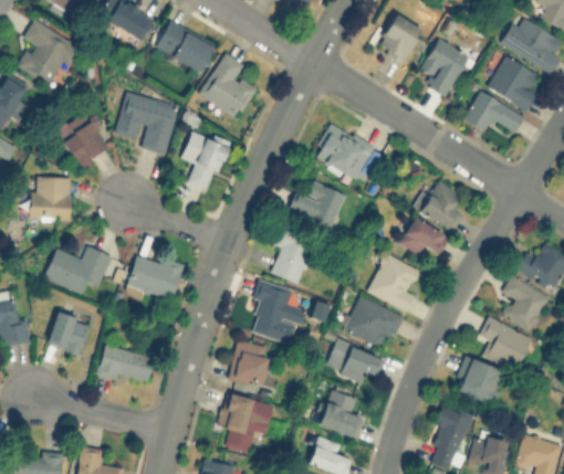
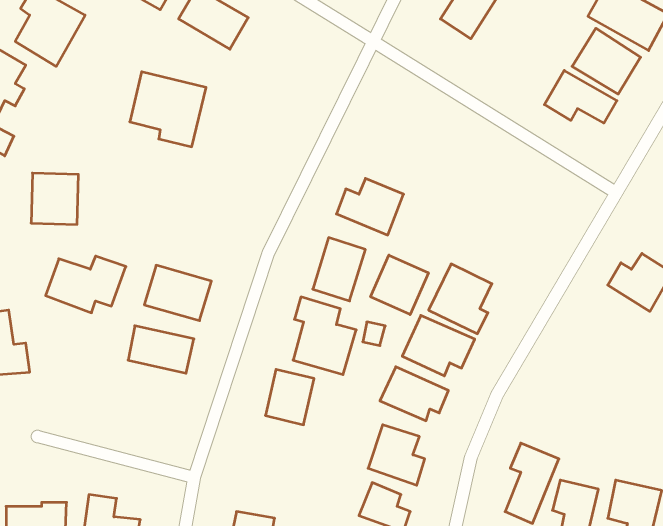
building: [420,38,470,98] -> none
building: [198,53,257,119] -> none
building: [63,122,109,168] -> none
building: [314,124,375,180] -> none
building: [187,136,229,192] -> none
building: [417,179,464,231] -> none
building: [399,218,449,255] -> none
building: none -> [371,255,428,315]
building: [502,276,550,331] -> none
building: [46,312,91,355] -> none
building: [479,318,531,371] -> none
building: [98,346,154,386] -> [128,326,194,373]
building: [453,358,502,403] -> none
building: [219,393,273,452] -> none

